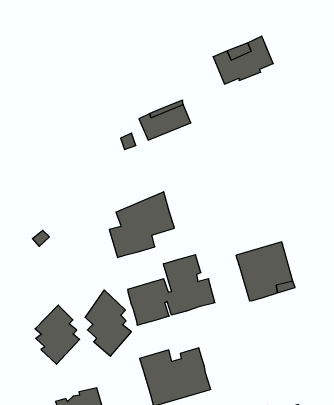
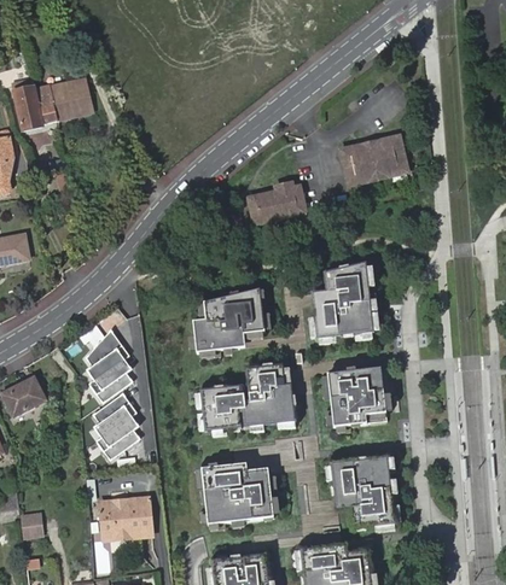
building: none -> [314,262,374,338]
building: [85,290,131,356] -> [83,328,132,403]
building: none -> [332,457,396,528]

